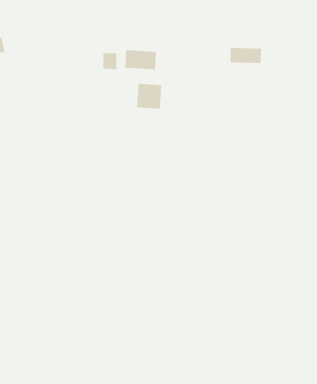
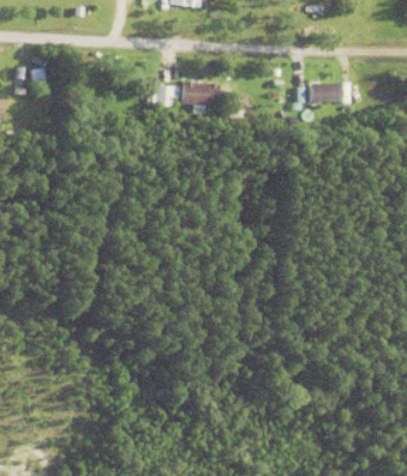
building: [136,83,162,110] -> none

